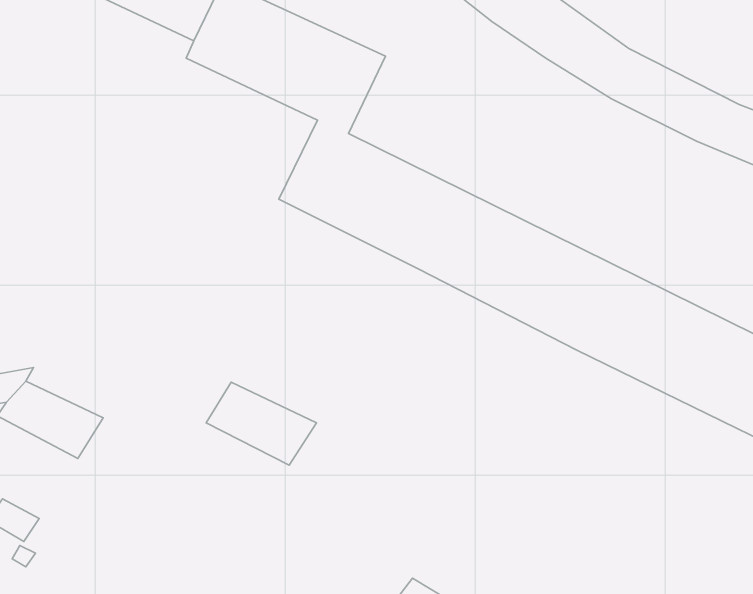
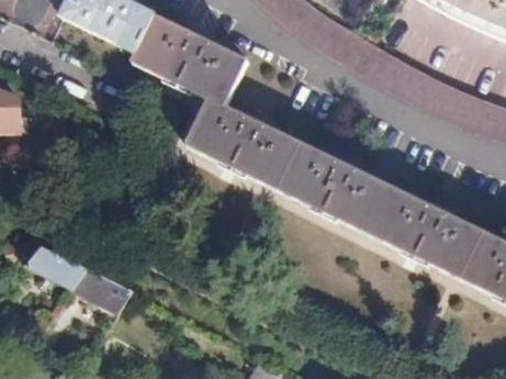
building: [206,382,316,465] -> [72,265,135,312]

